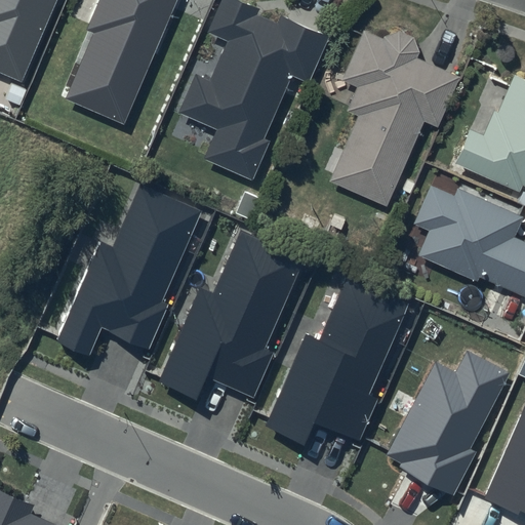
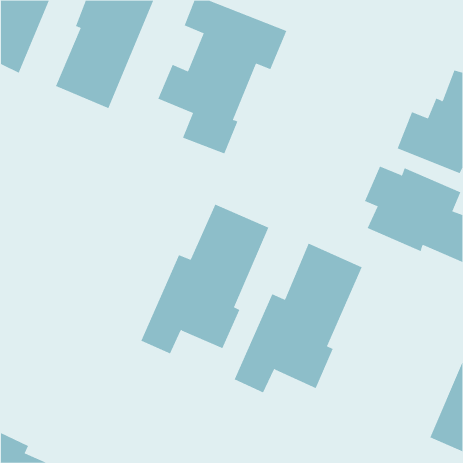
building: [330,32,461,208] -> none
building: [56,185,201,355] -> none
building: [385,351,510,496] -> none

